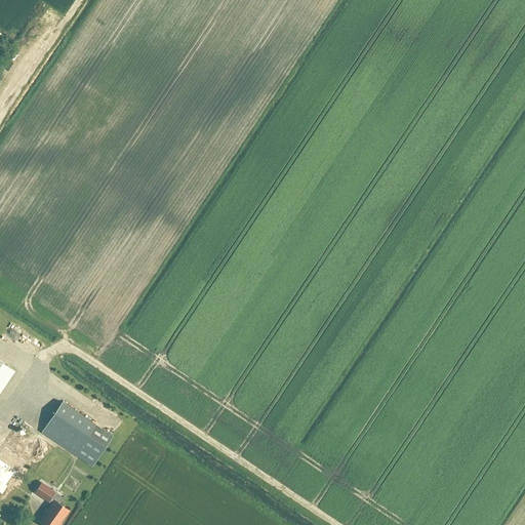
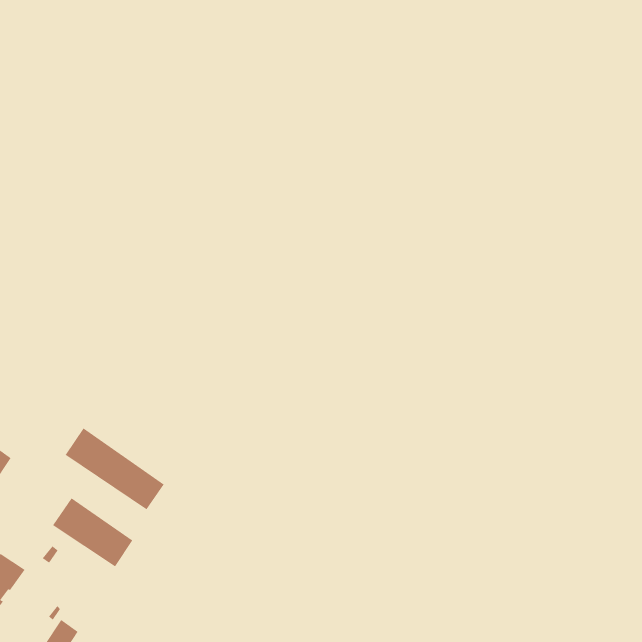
building: none -> [65,428,165,510]

